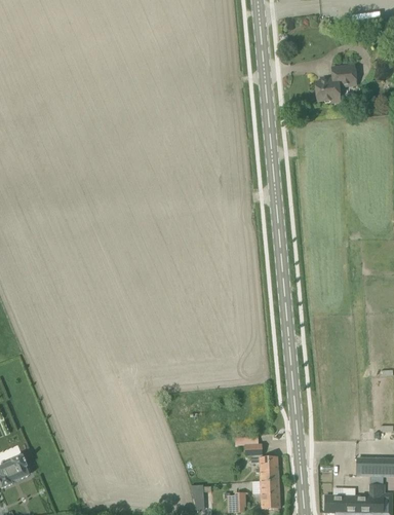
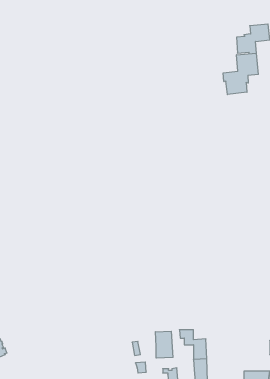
building: none -> [223,53,258,95]
building: none -> [155,331,173,358]

